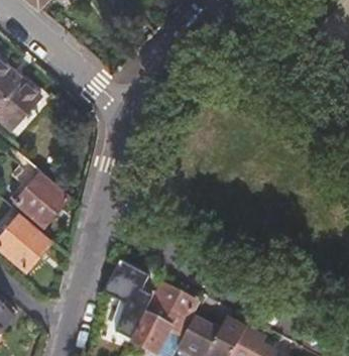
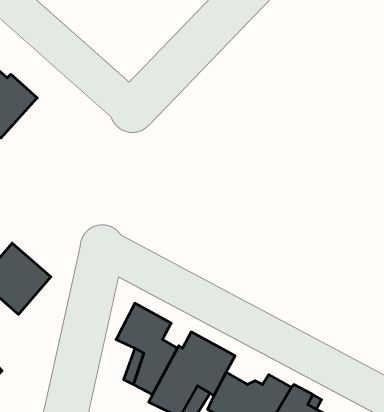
building: [16,171,67,223] -> none

